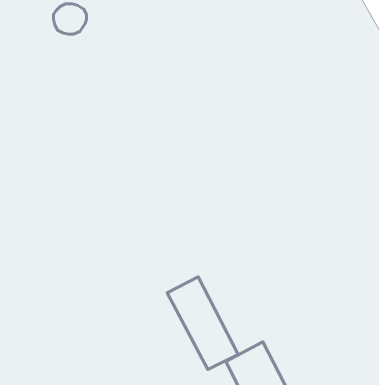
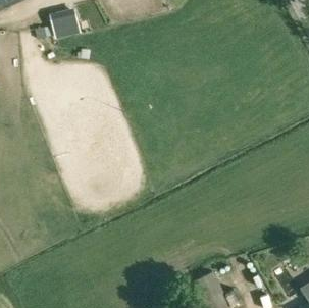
building: [167,277,238,369] -> none

